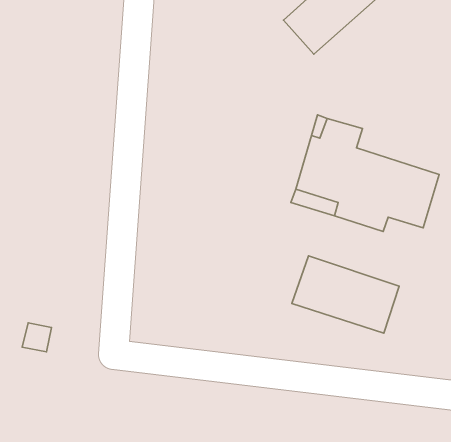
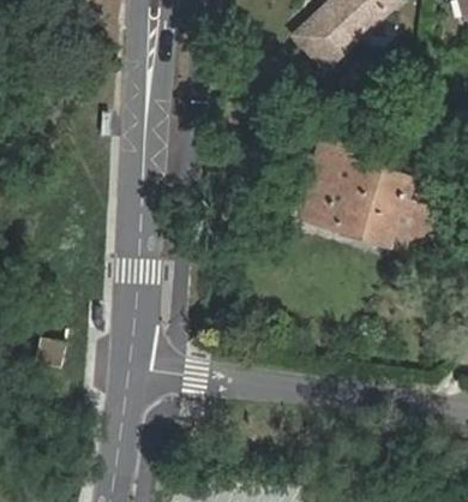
building: [292,256,399,333] -> none

